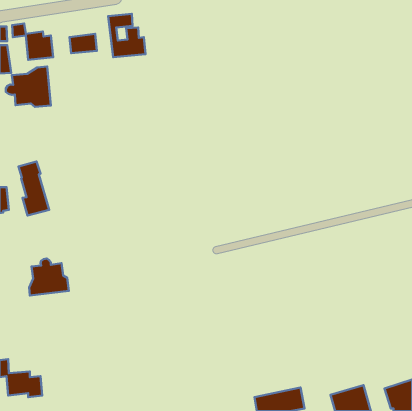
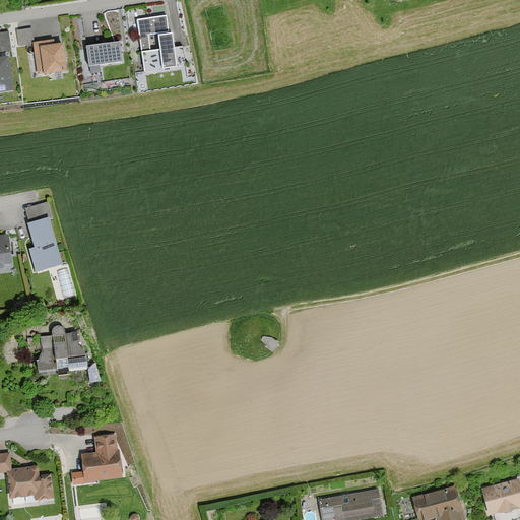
building: [6,66,51,107] -> none
building: none -> [80,434,123,481]

